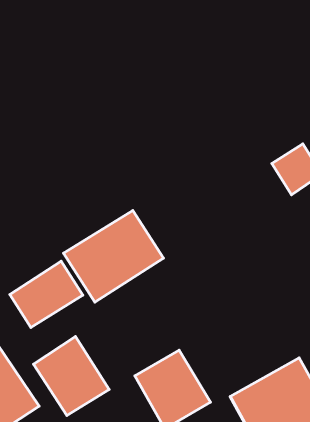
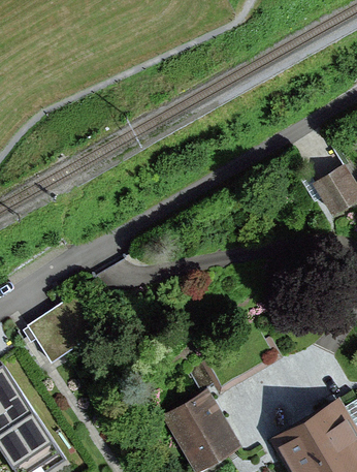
building: [63,211,164,302] -> none
building: [33,336,109,416] -> none

